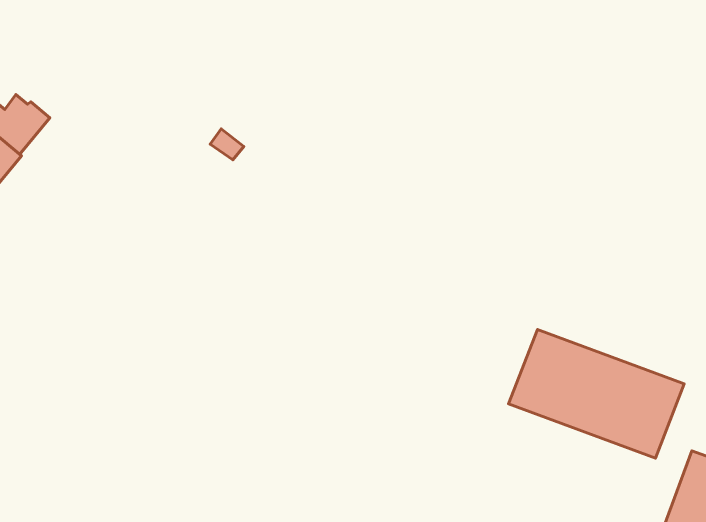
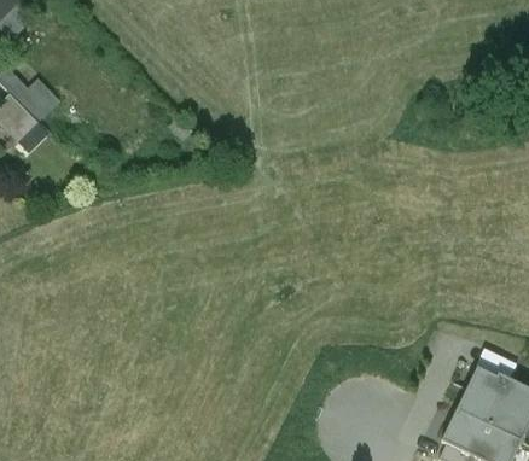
building: [508,330,684,458] -> none

